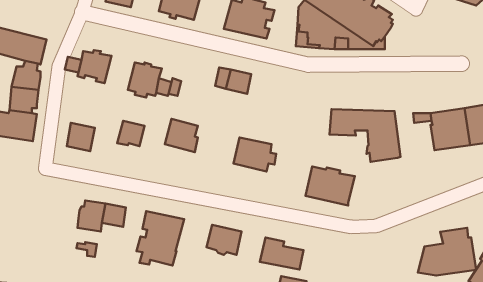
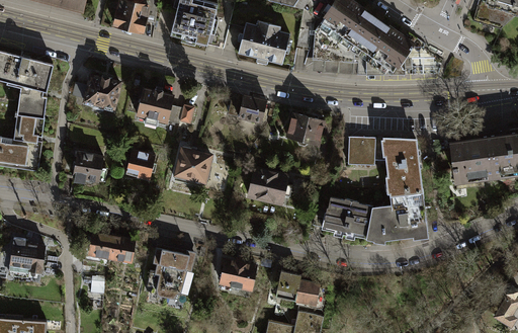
building: none -> [285,112,325,145]
building: none -> [10,238,47,272]
building: [418,228,476,276] -> [367,188,428,238]

